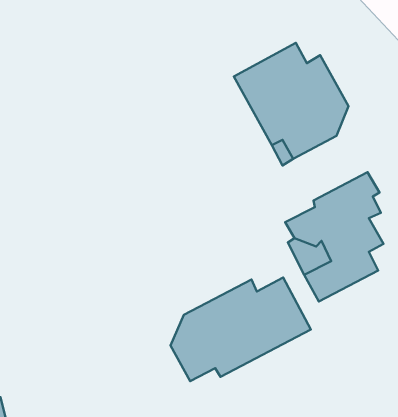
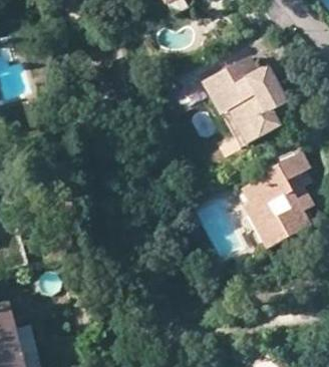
building: [170,278,311,381] -> none

